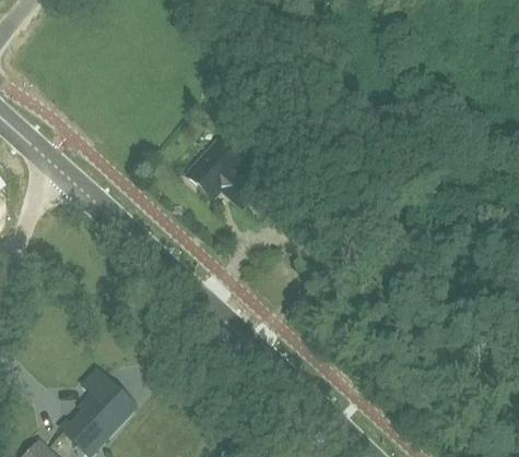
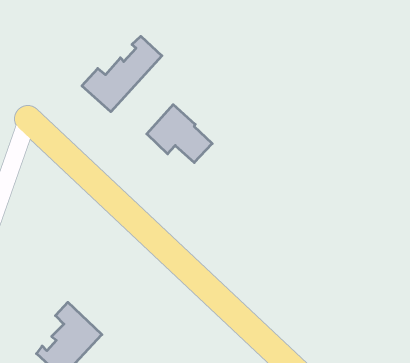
building: none -> [82,36,162,112]

